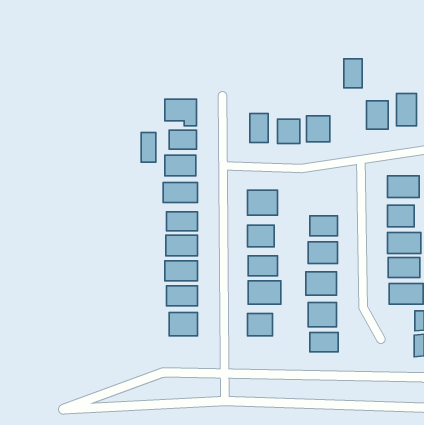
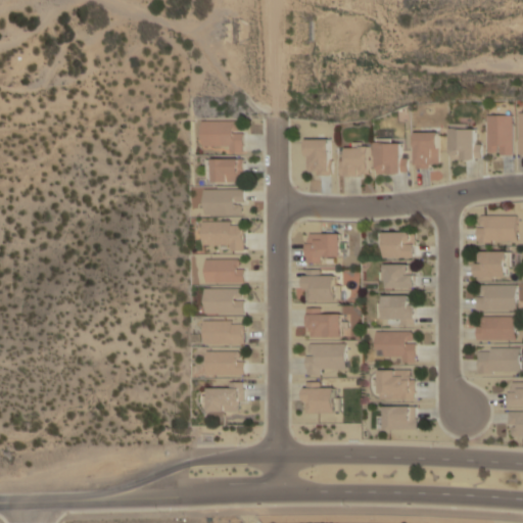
building: [344,59,362,88] -> [414,133,436,169]
building: [141,133,156,162] -> none
building: none -> [382,233,414,258]

